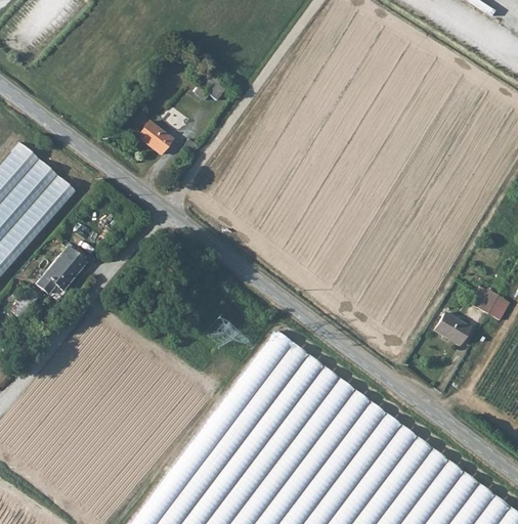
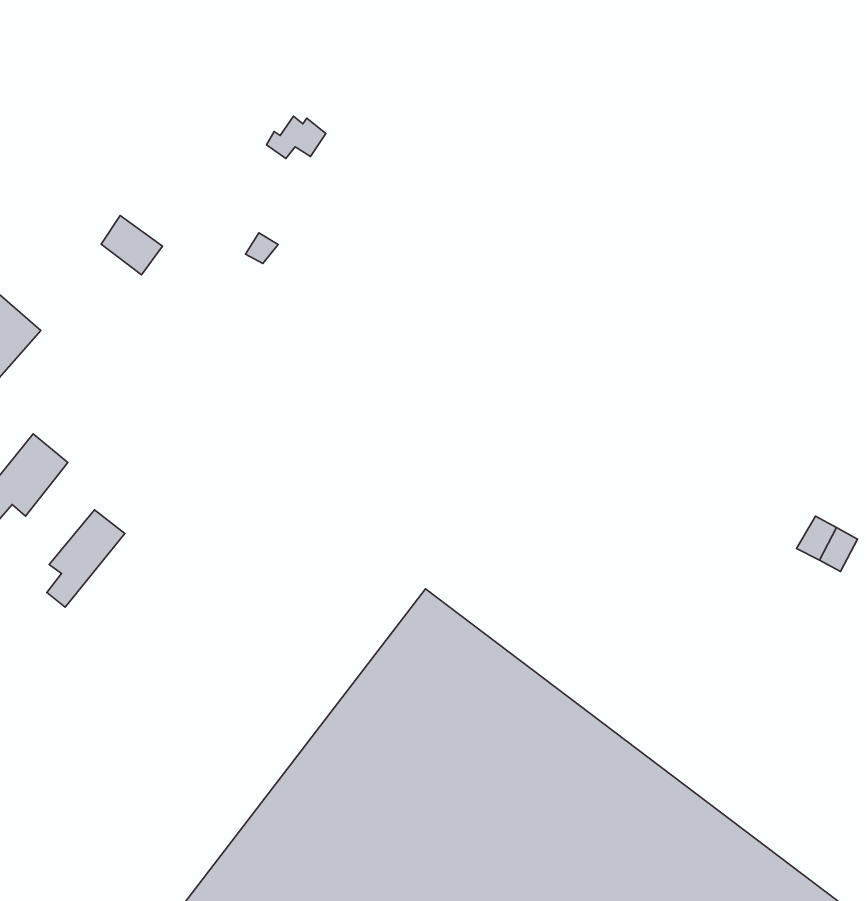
building: [140,124,173,156] -> [101,215,162,275]
building: none -> [47,510,125,607]
building: [435,318,469,349] -> none

